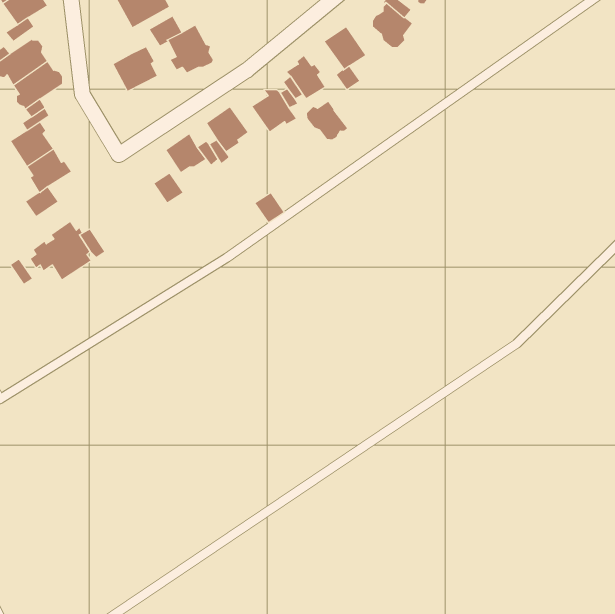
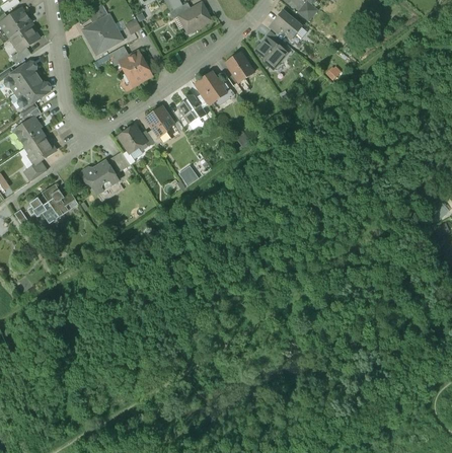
building: [113,46,158,91] -> none
building: [307,101,348,140] -> none
building: none -> [82,161,124,202]

